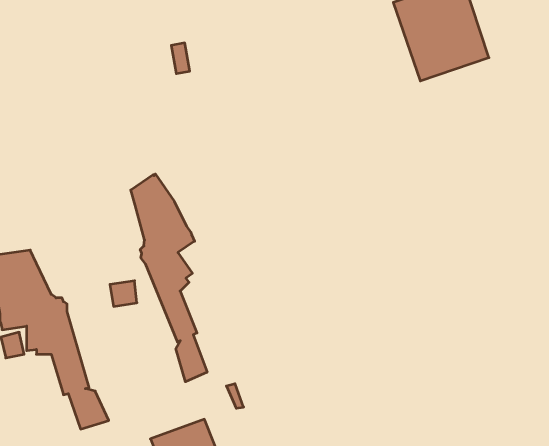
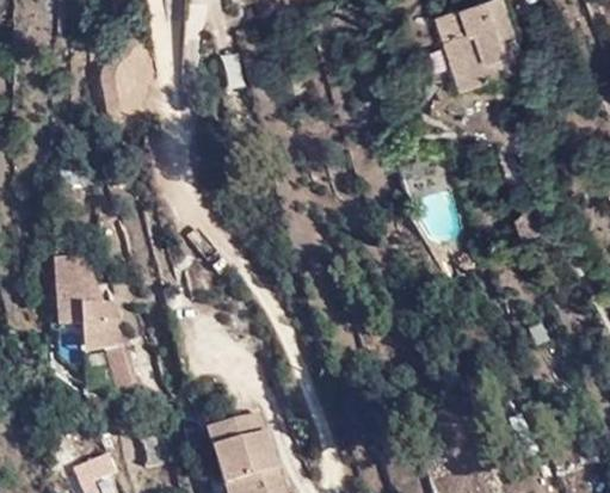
building: [131,174,207,382] -> none

